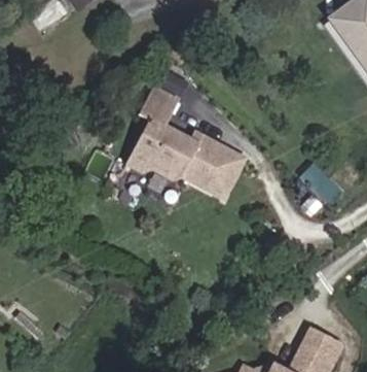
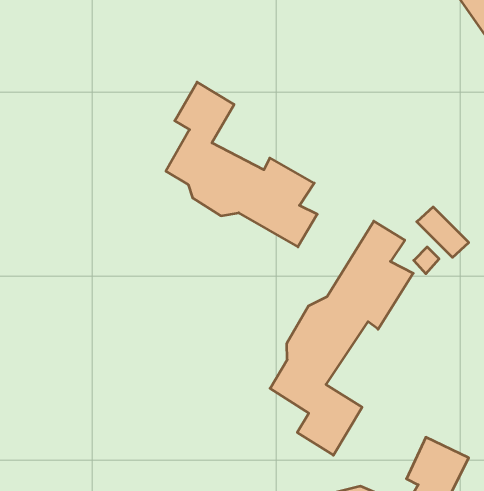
building: none -> [270,221,413,455]

